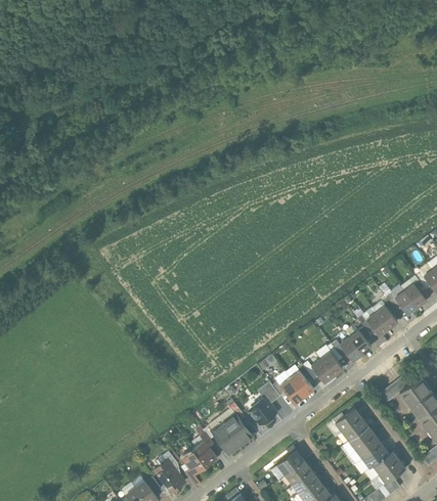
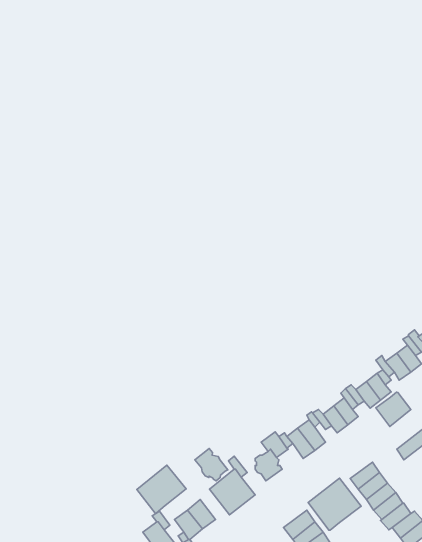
building: none -> [376,392,411,426]
building: none -> [195,449,228,481]
building: none -> [137,465,186,513]
building: none -> [308,478,361,530]

